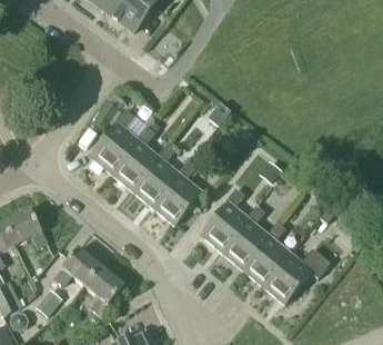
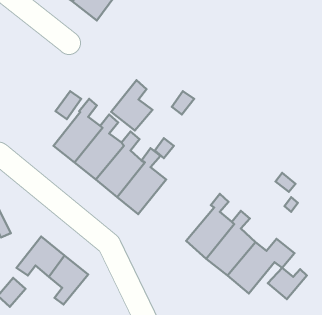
building: none -> [111,80,152,130]
building: [201,188,250,252] -> none
building: none -> [268,268,307,299]

